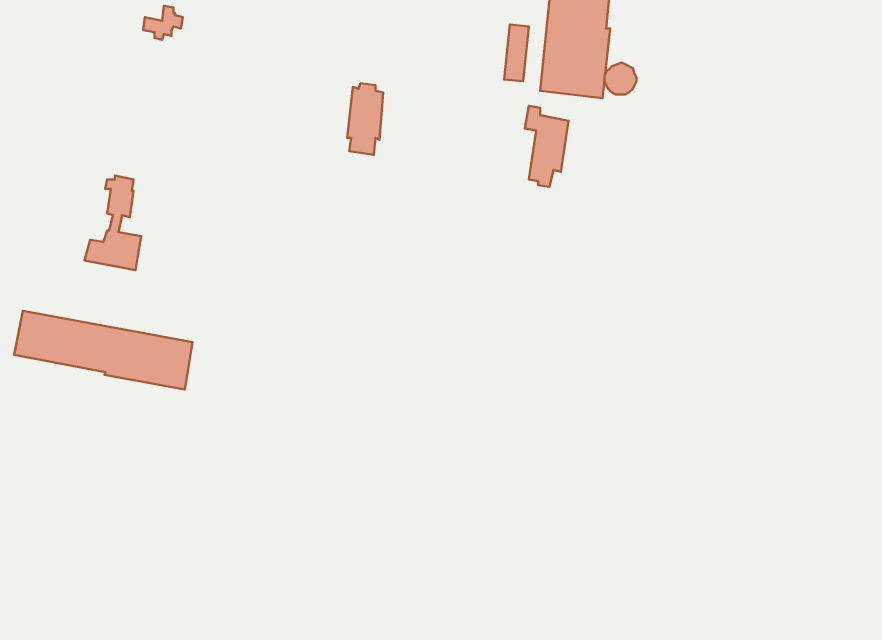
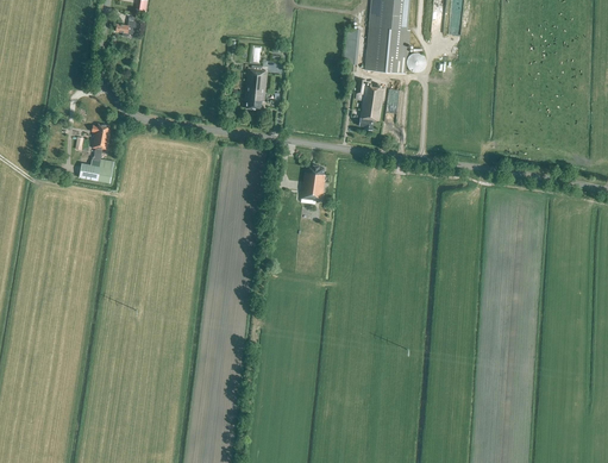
building: none -> [299,164,324,204]
building: [14,311,192,390] -> none

